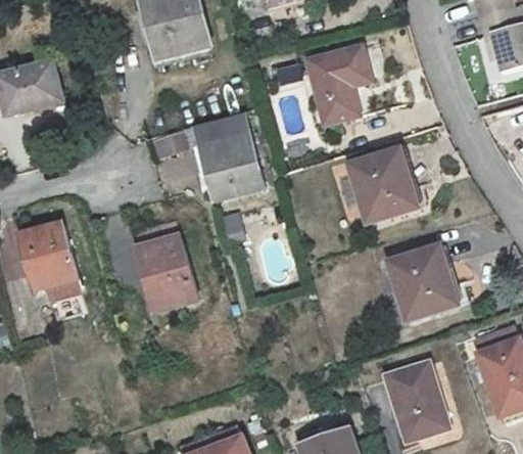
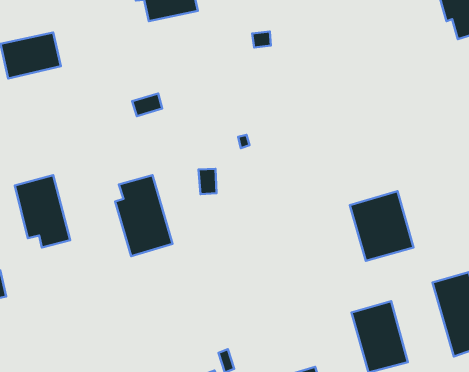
building: [312,46,376,127] -> none
building: [185,115,252,203] -> none
building: [351,151,431,222] -> none

